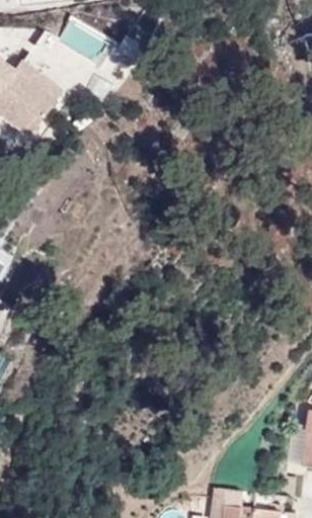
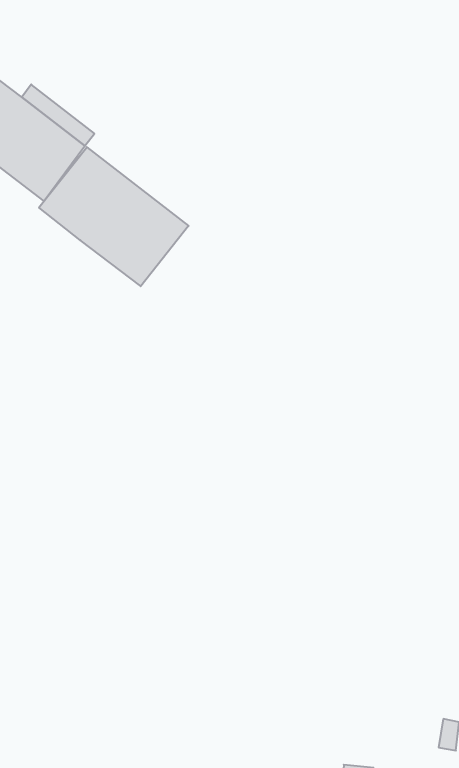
building: none -> [39,147,189,286]

